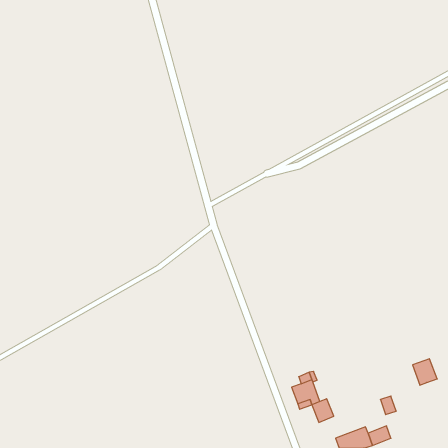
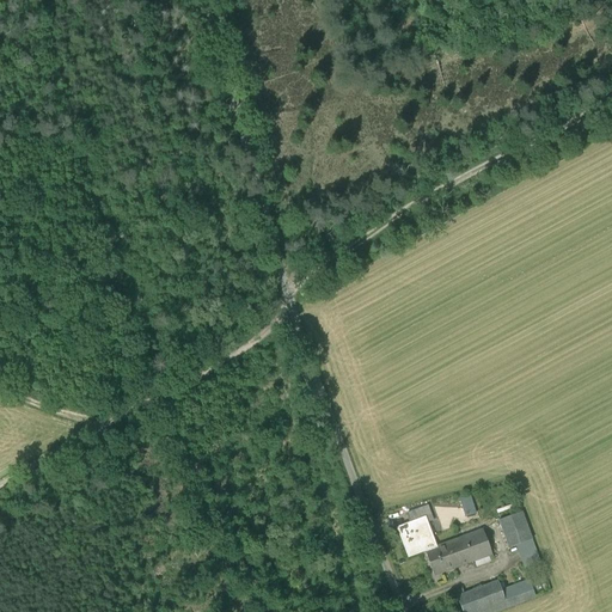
building: [413,359,437,385] -> [500,510,533,546]
building: none -> [446,528,491,565]

